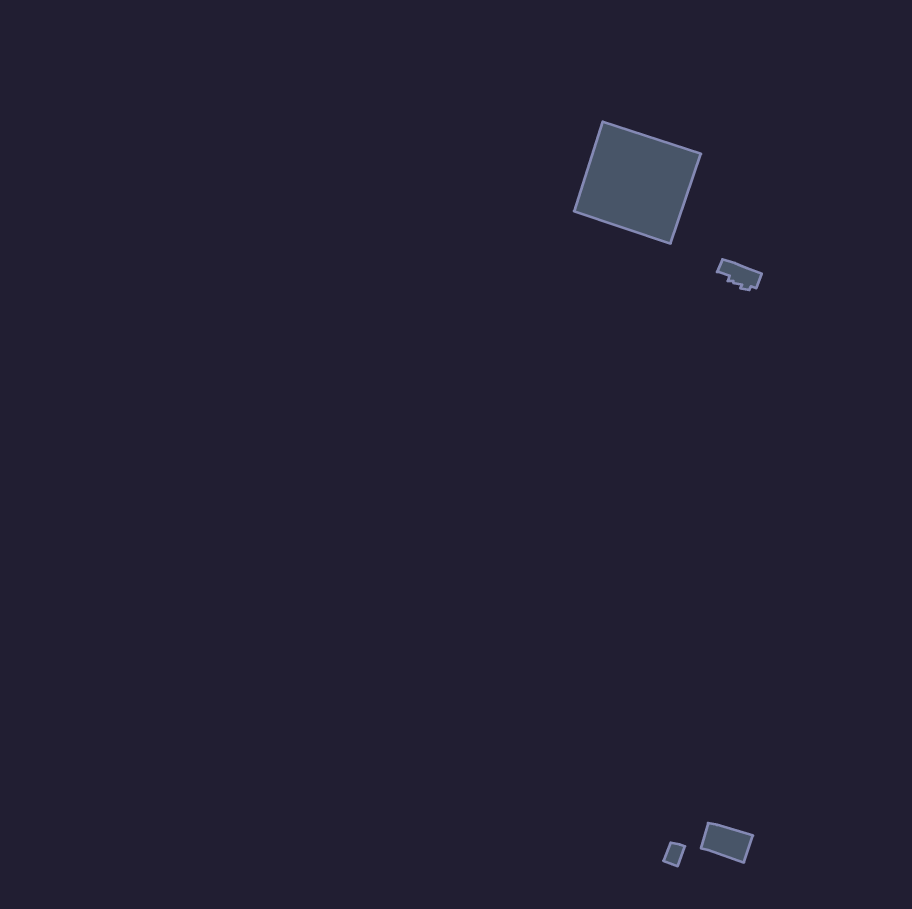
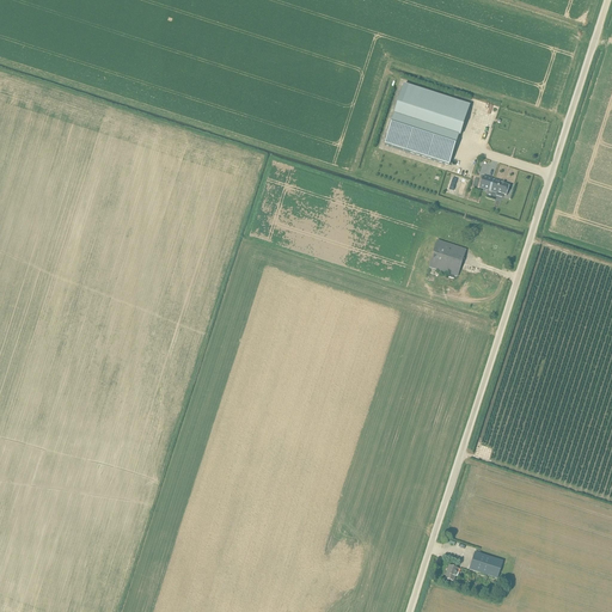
building: none -> [428,238,465,274]

